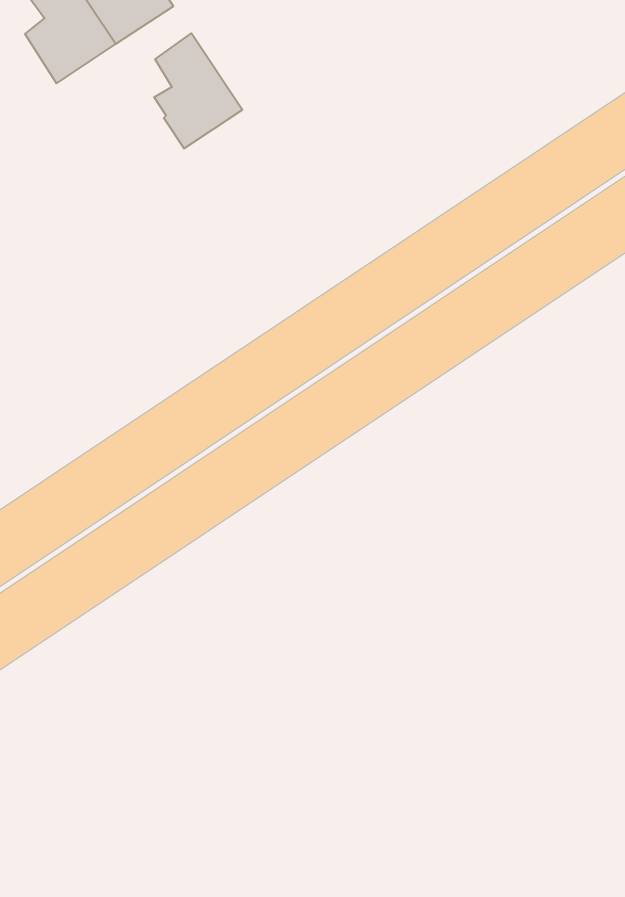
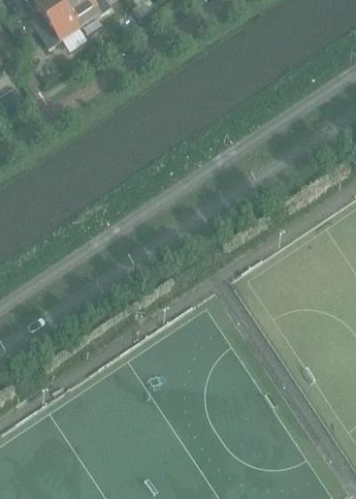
building: [154,33,242,149] -> none

